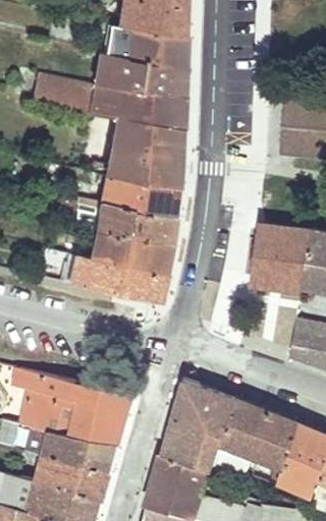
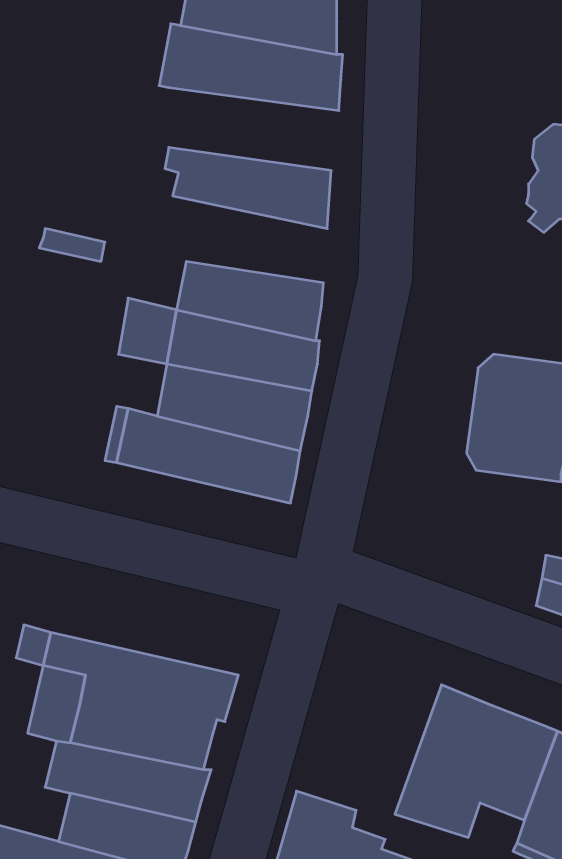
building: [31,72,185,128] -> none
building: [90,141,179,187] -> none
building: [163,380,239,480] -> none

